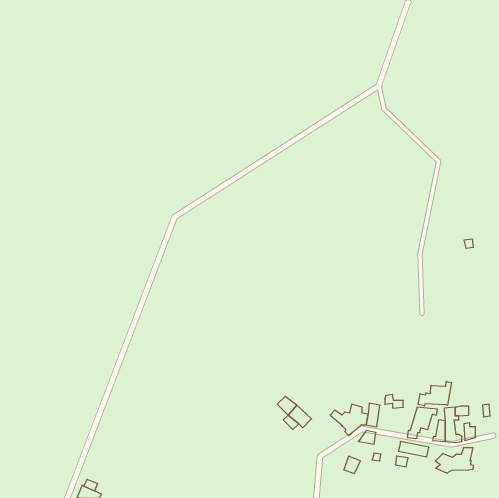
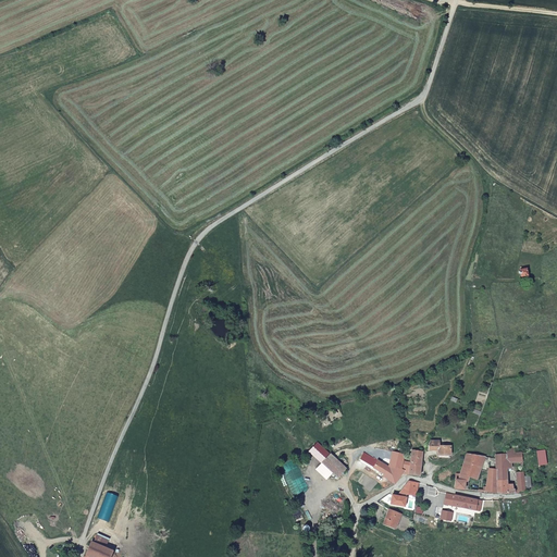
building: [418,381,452,406] -> none
building: [435,447,473,473] -> none

